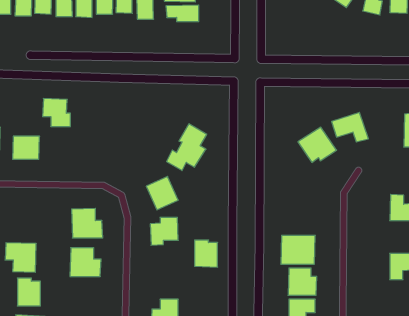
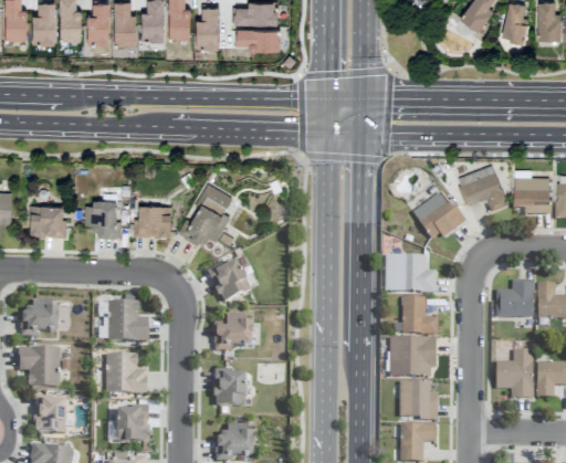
building: [43,99,70,126] -> [84,199,122,236]
building: none -> [514,168,551,214]
building: [167,124,207,171] -> [178,181,232,244]
building: none -> [134,203,171,235]
building: none -> [386,254,437,292]
building: none -> [496,278,535,317]
building: none -> [402,296,439,334]
building: none -> [21,298,57,336]
building: [195,240,218,267] -> [216,369,247,406]
building: none -> [496,349,534,398]
building: none -> [118,406,149,441]

